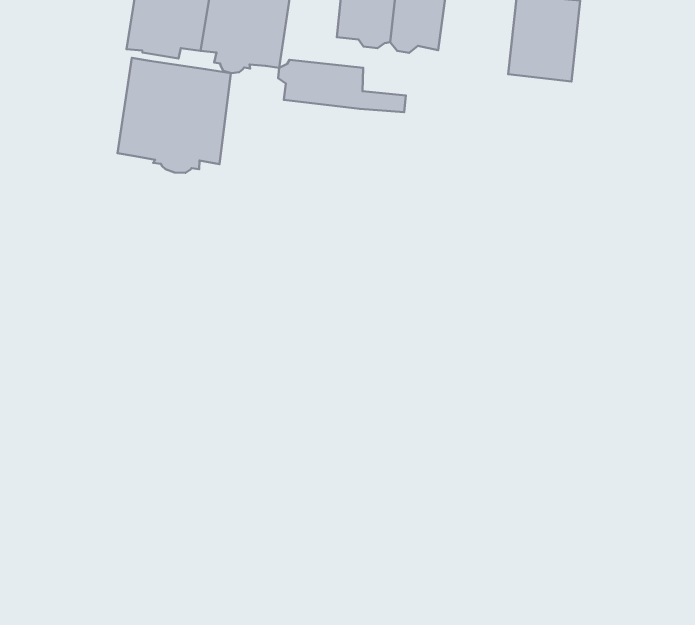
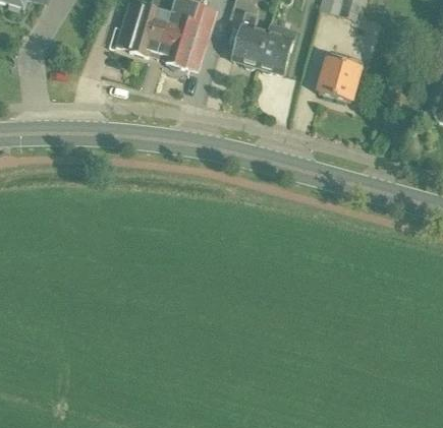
building: [118,58,231,173] -> none
building: [278,60,406,112] -> none

